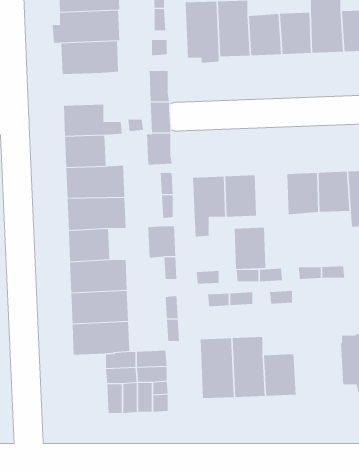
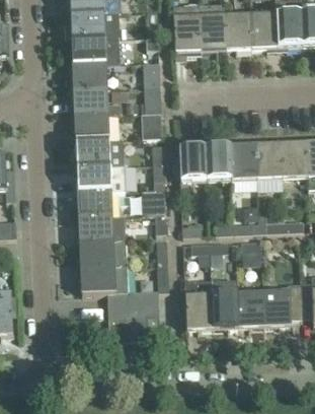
building: none -> [72,64,106,90]
building: [234,227,266,269] -> [230,146,256,181]
building: none -> [261,284,301,327]

